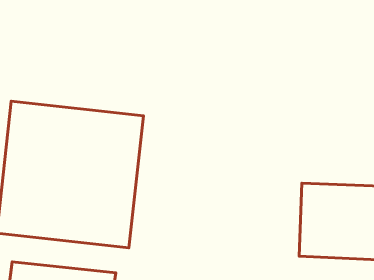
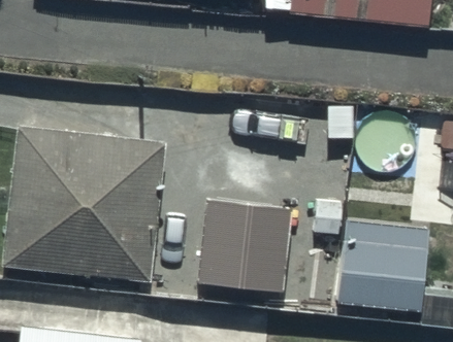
building: none -> [200,207,296,298]

